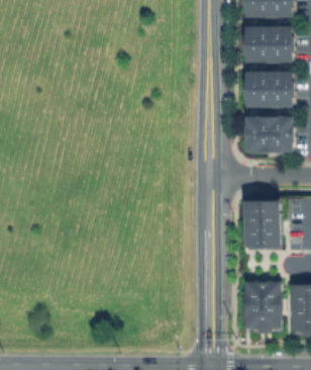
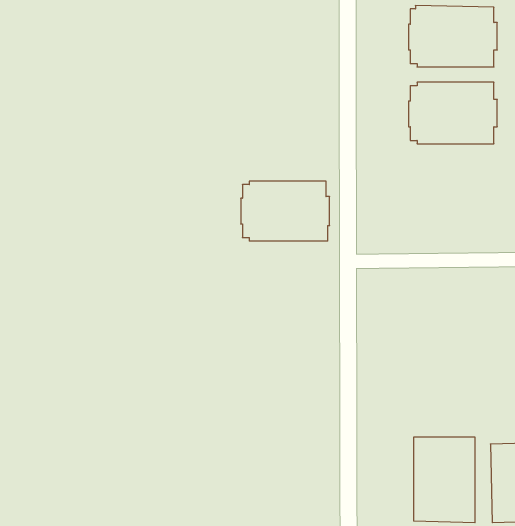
building: [242,116,295,152] -> [241,181,330,241]
building: [245,200,282,248] -> none

